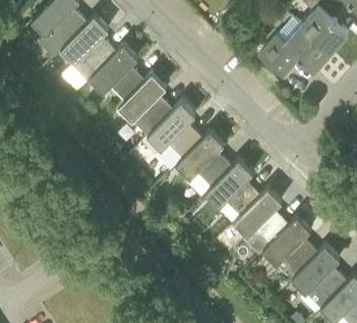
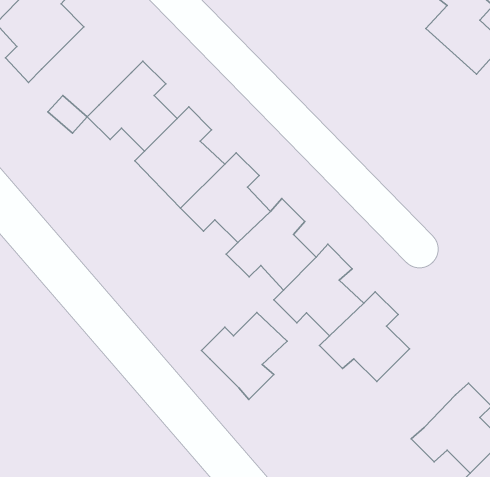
building: [60,16,116,72] -> none
building: [258,24,331,77] -> none
building: none -> [201,313,287,400]
building: [261,217,317,273] -> none

